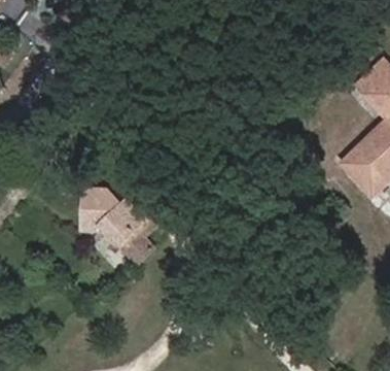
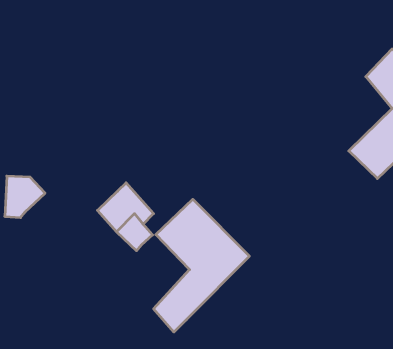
building: [77,186,116,226] -> [5,176,45,218]
building: none -> [154,199,249,332]

